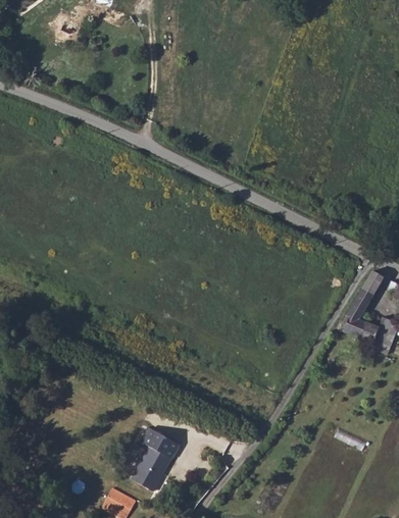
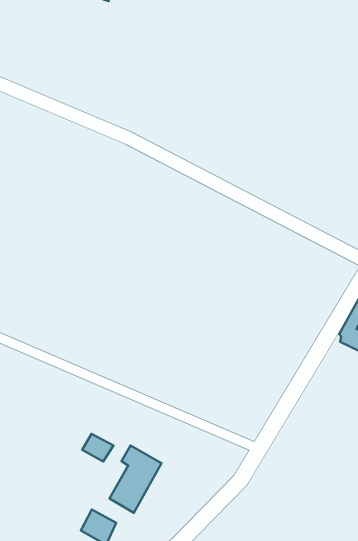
building: none -> [82,434,114,461]

